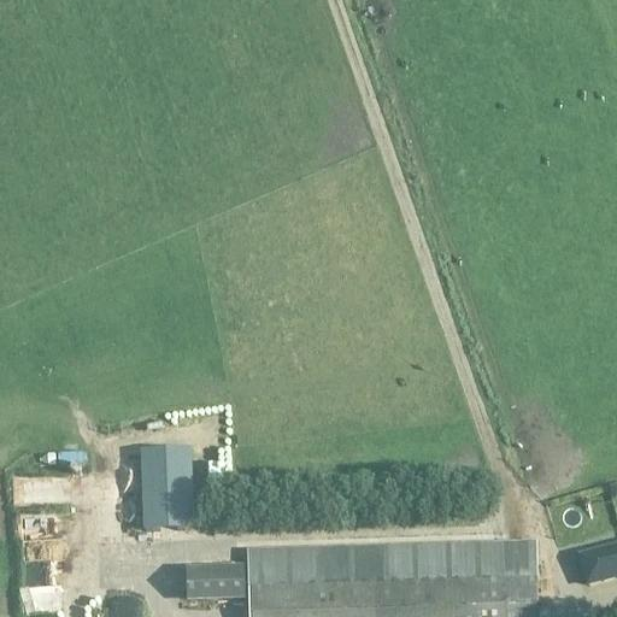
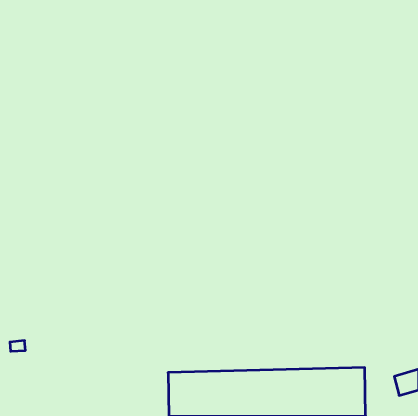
building: [140,447,188,524] -> none
building: [187,565,245,601] -> none

